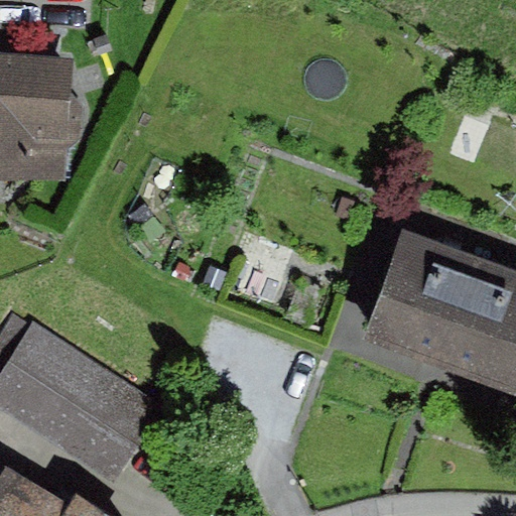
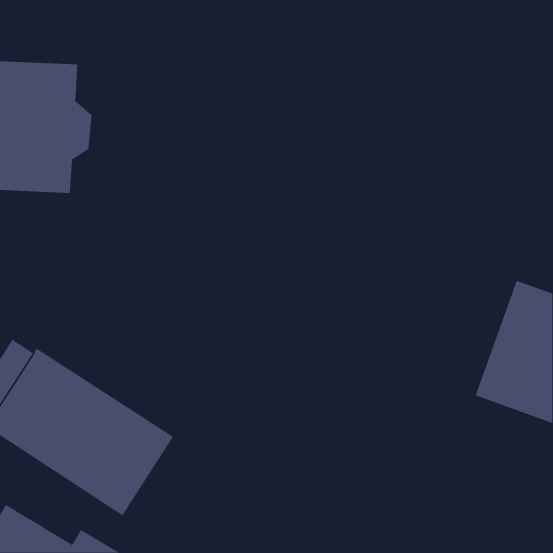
building: [364,233,479,367] -> none

